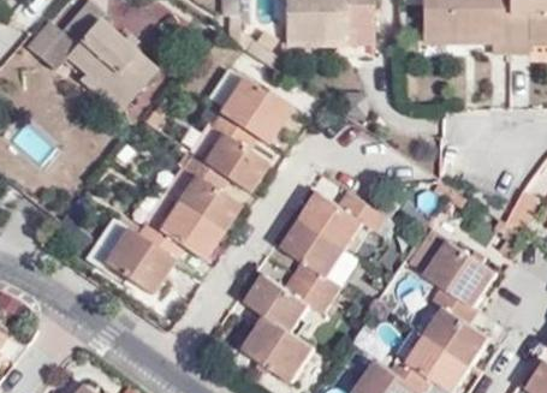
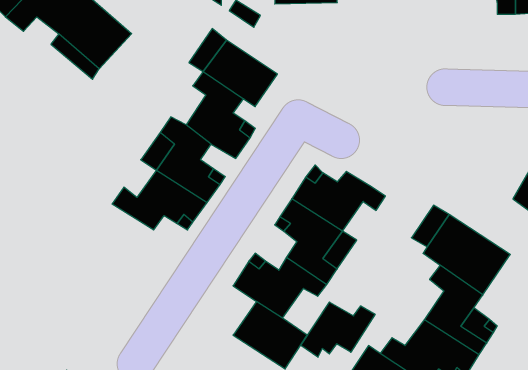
building: [82,218,174,292] -> none
building: none -> [301,302,375,357]

